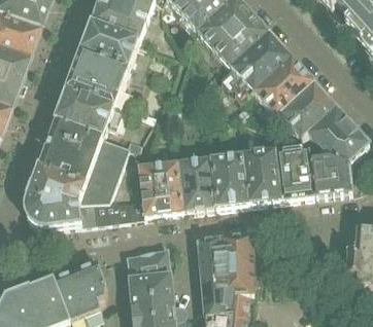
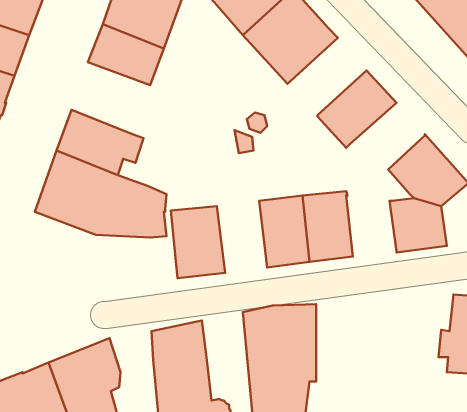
building: [222,34,292,102] -> none
building: [68,52,128,107] -> none
building: [279,83,336,140] -> none
building: [276,147,314,199] -> none
building: [178,157,216,212] -> none
building: [25,166,144,229] -> none

